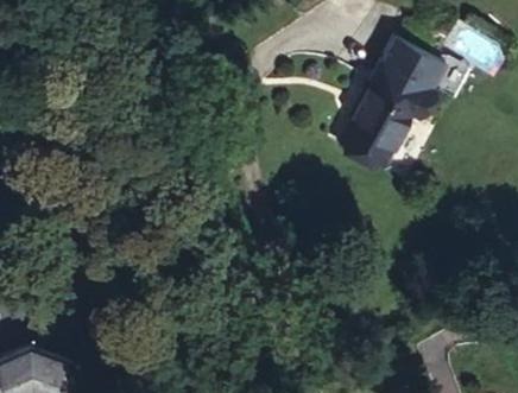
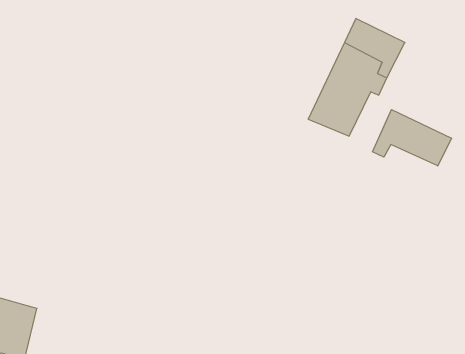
building: none -> [373,110,451,166]

